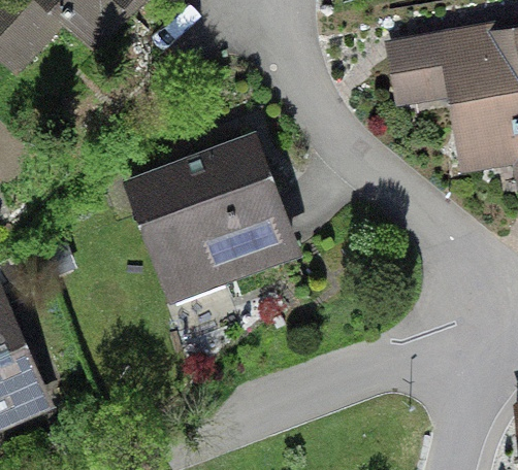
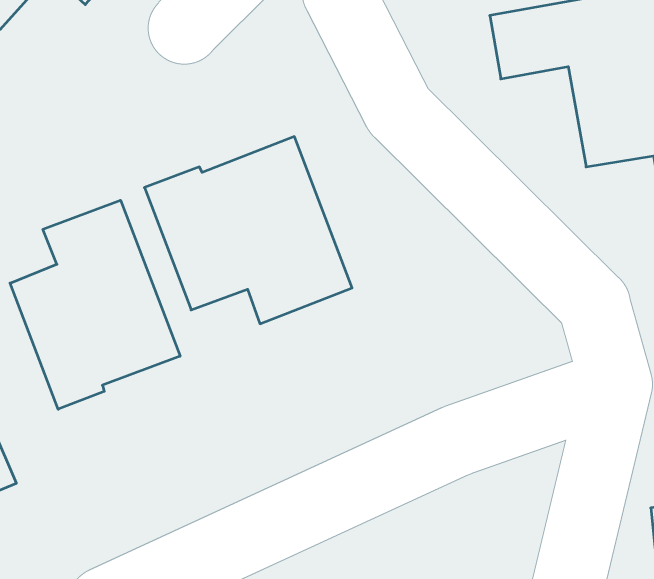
building: none -> [10,200,180,409]

